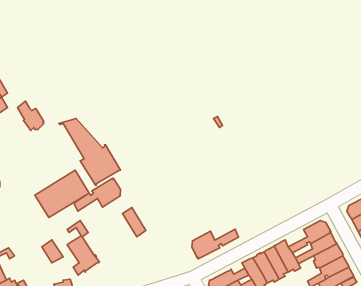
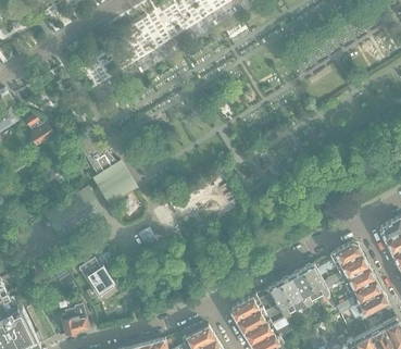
building: [74,178,121,211] -> none
building: [192,229,238,259] -> none

